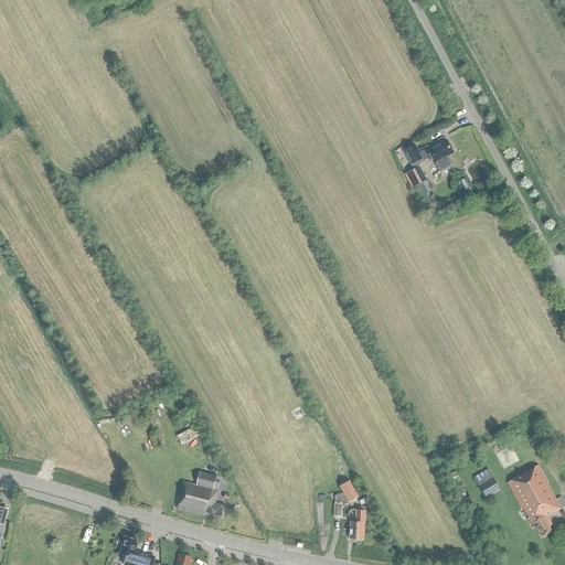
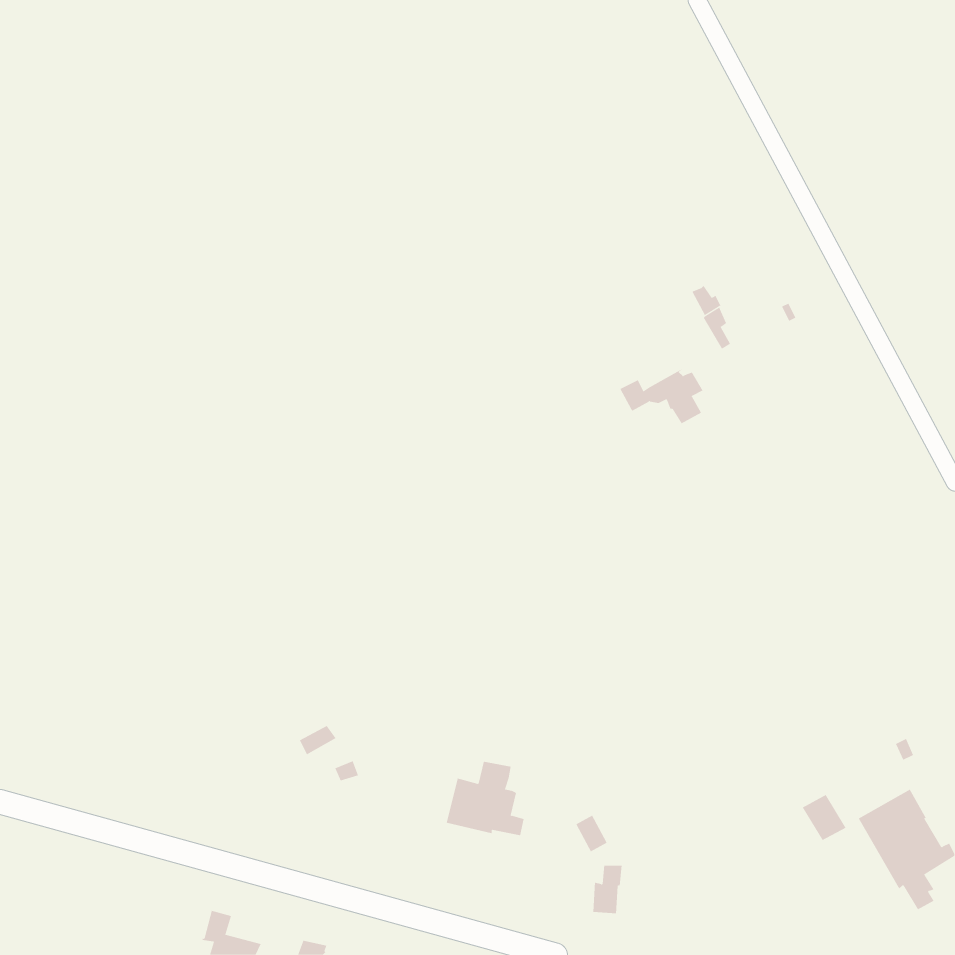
building: [404,139,454,172] -> [619,368,704,424]
building: [178,472,224,516] -> [446,761,524,836]

